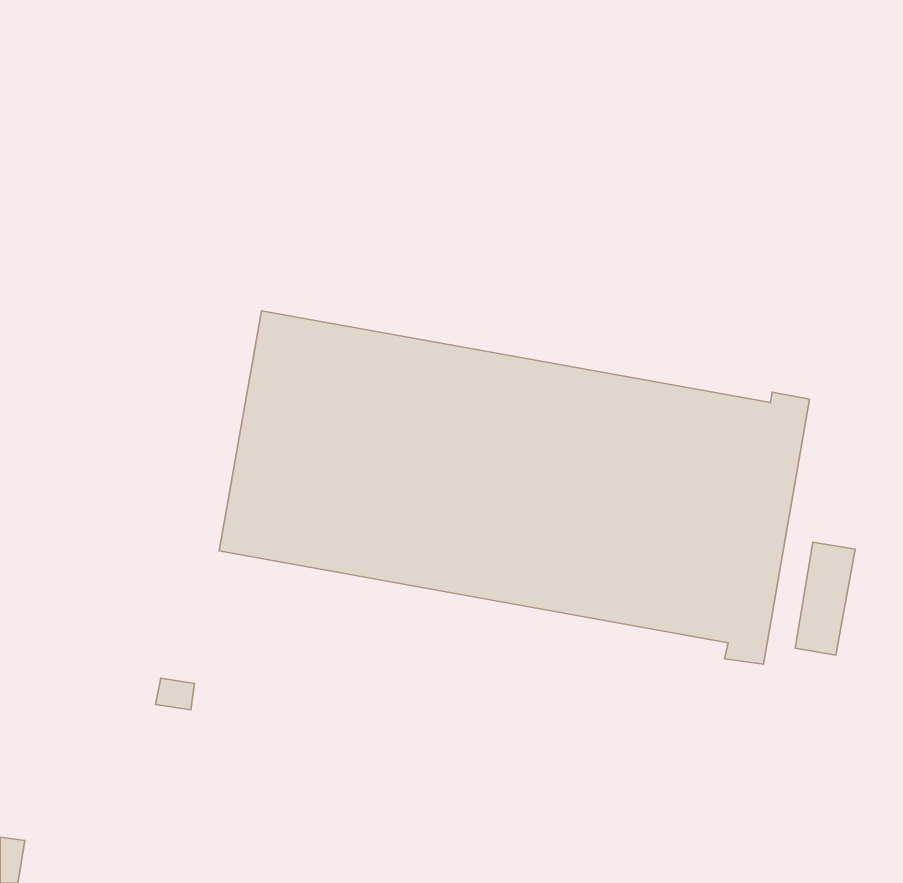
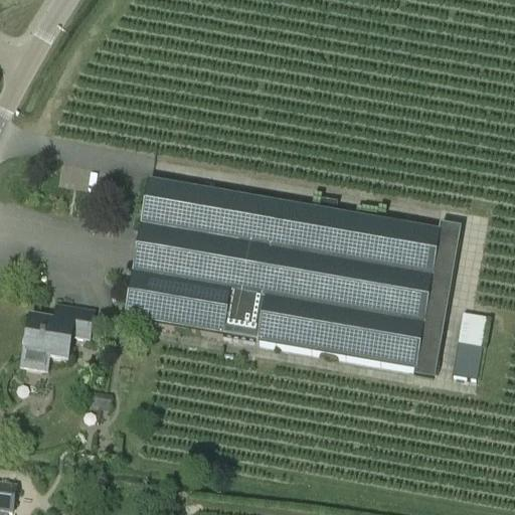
building: none -> [22,300,93,366]

